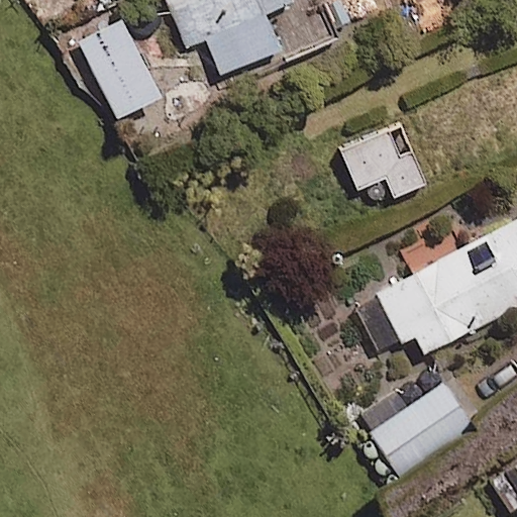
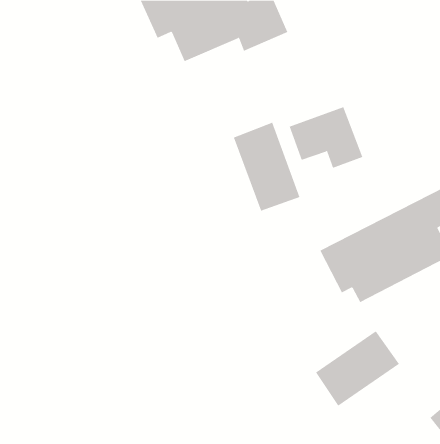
building: [77,17,158,116] -> none
building: none -> [233,122,300,211]

